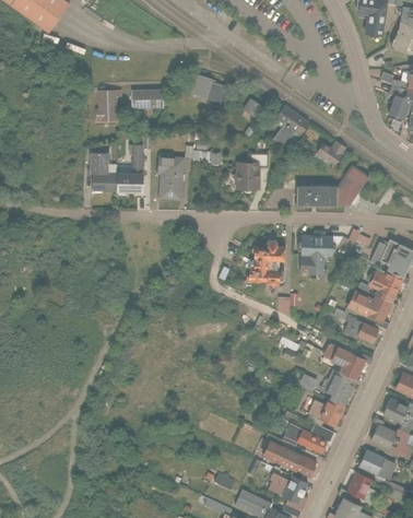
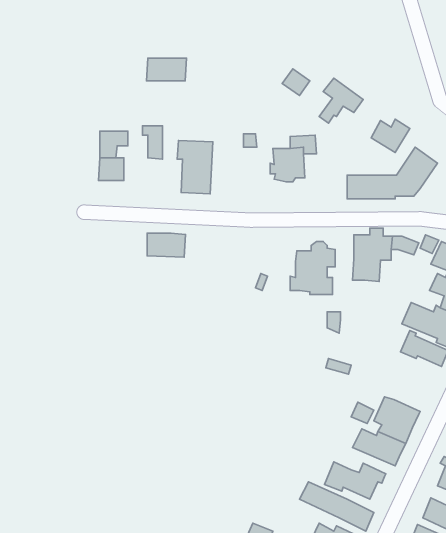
building: [191,76,226,104] -> none
building: [97,91,122,123] -> none
building: [113,172,144,191] -> [147,233,186,257]
building: [321,341,367,380] -> none

